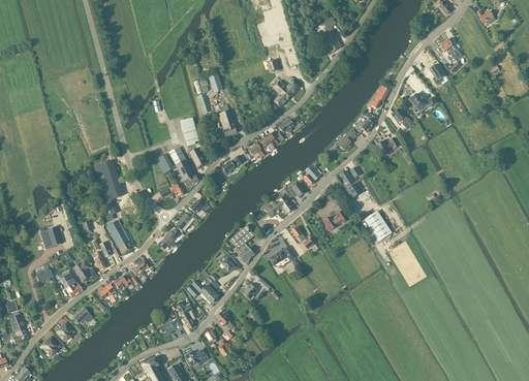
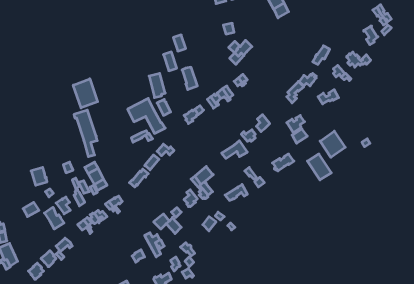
building: none -> [73,79,98,108]
building: none -> [320,131,345,157]

